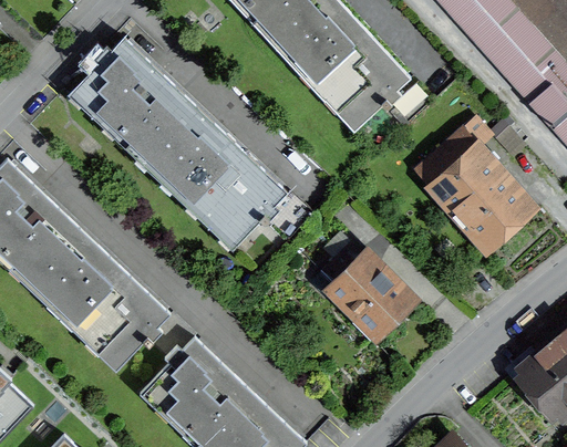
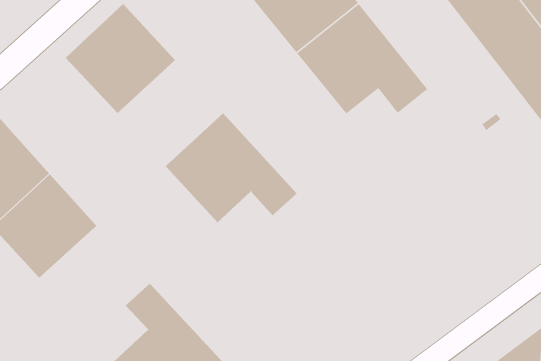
building: [125,90,230,196] -> none
building: [422,134,526,241] -> none
building: [320,243,414,336] -> none
building: [59,260,169,371] -> none

